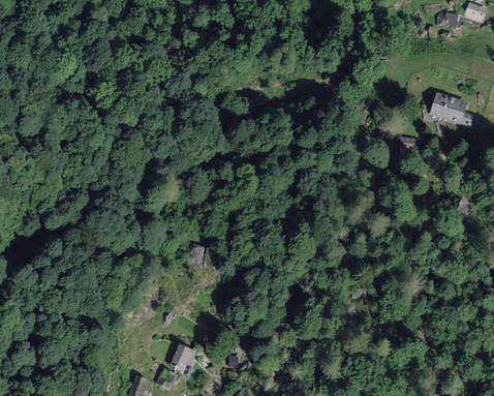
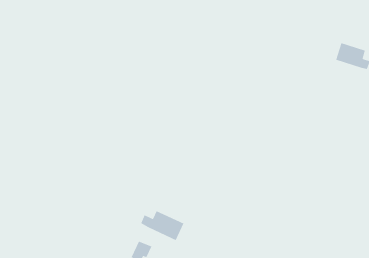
building: none -> [140,210,184,241]

